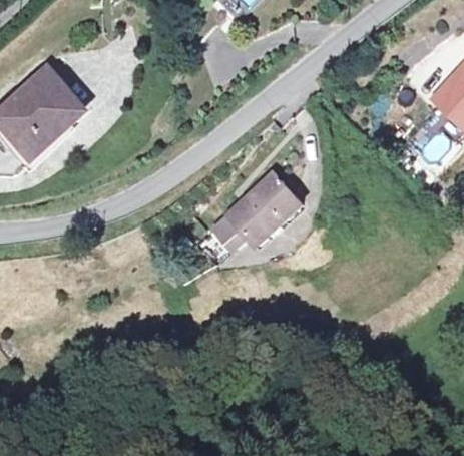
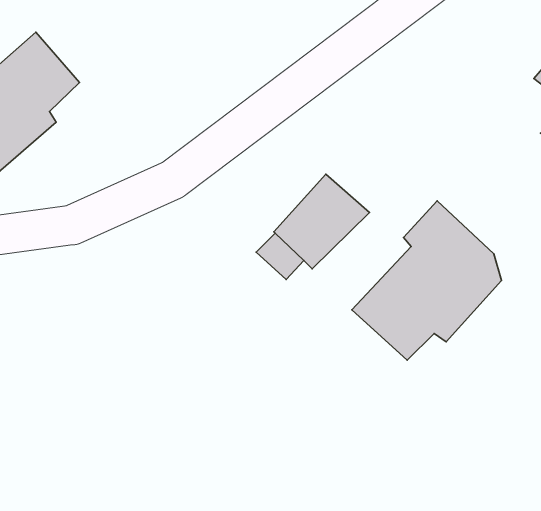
building: none -> [352,201,501,360]

